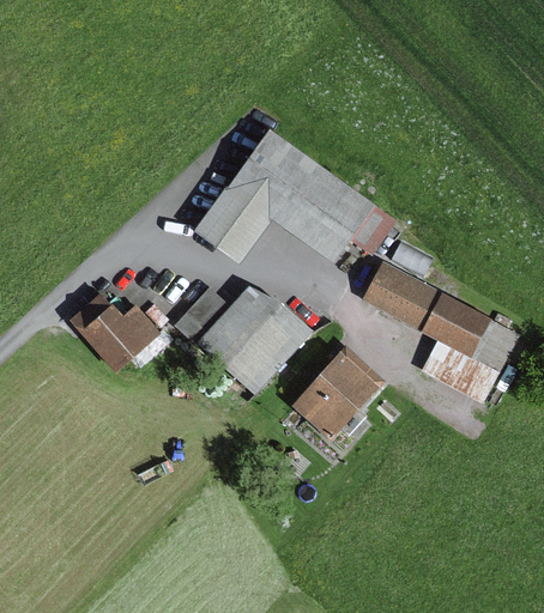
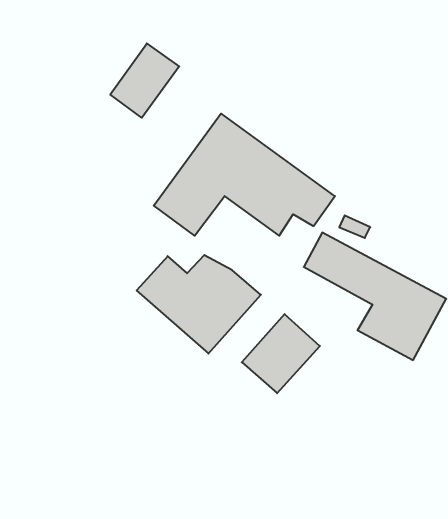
building: none -> [110,43,179,118]
building: [68,291,161,372] -> none

